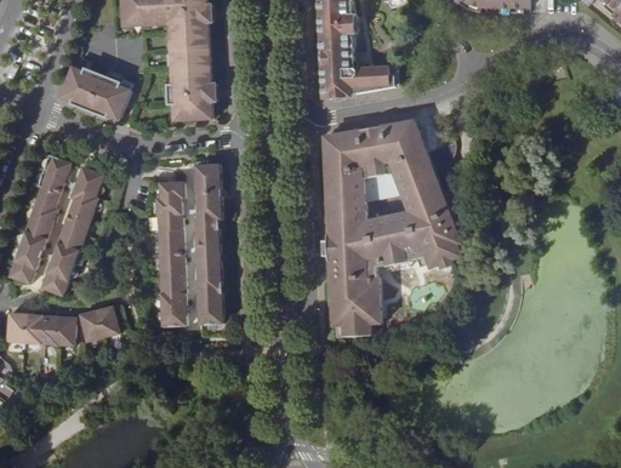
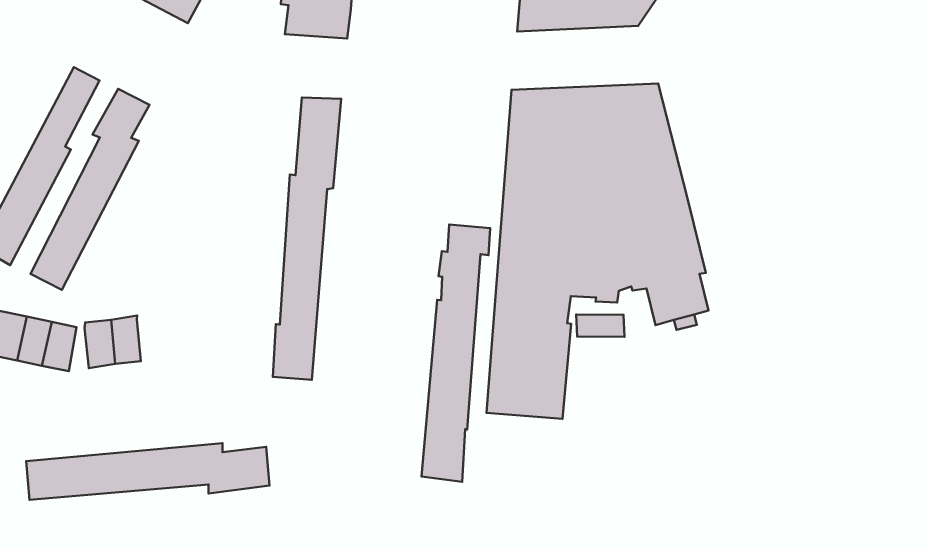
building: [156,173,188,332] -> [422,225,490,482]
building: none -> [26,443,270,500]

